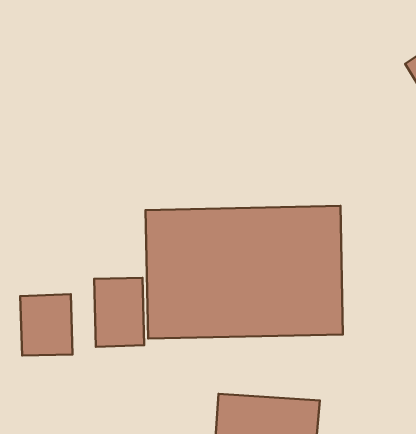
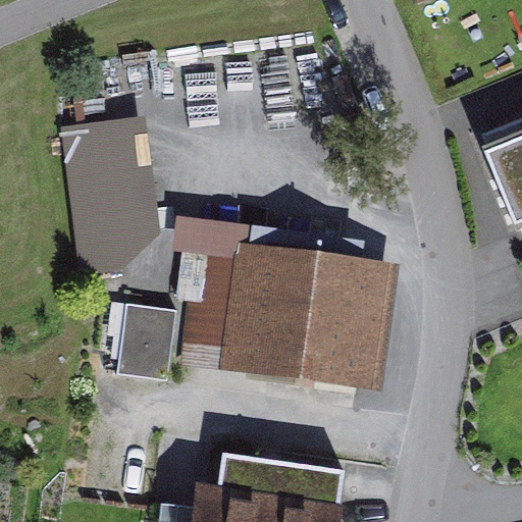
building: none -> [64,117,162,277]
building: [20,294,73,355] -> none

